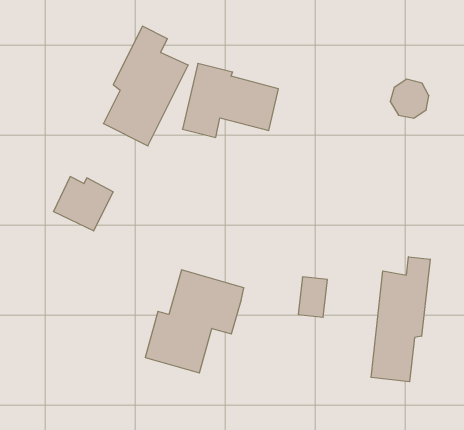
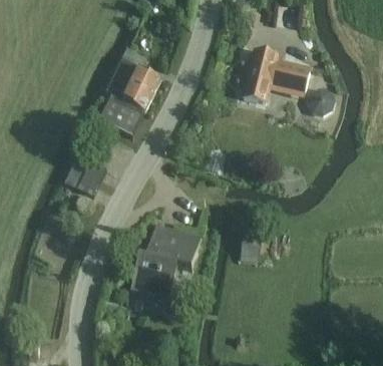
building: [182,64,278,137] -> [242,49,311,102]
building: [371,257,430,382] -> none

